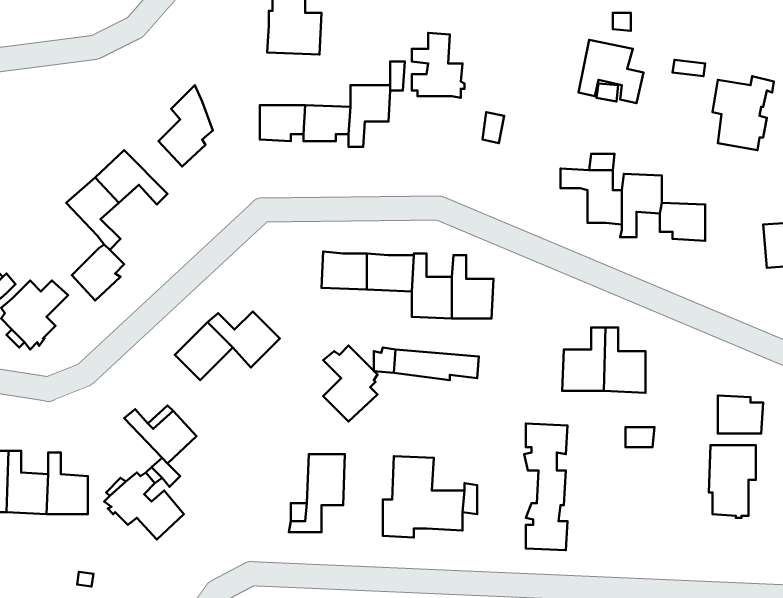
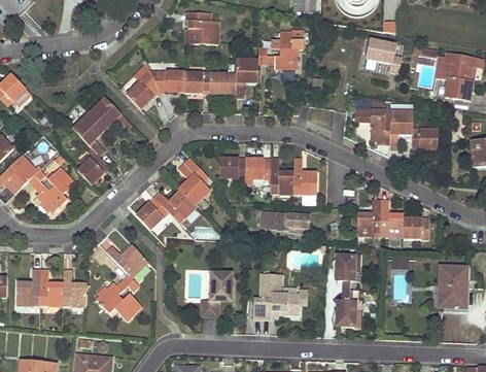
building: none -> [151,71,184,92]
building: [323,346,377,422] -> [178,160,209,203]
building: [718,395,763,433] -> [404,216,429,238]

